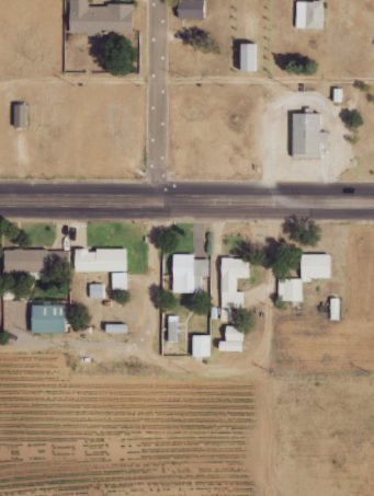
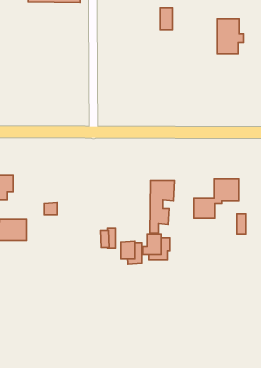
building: [293,113,326,157] -> [217,19,244,54]
building: [75,249,127,290] -> none
building: [172,253,209,296] -> none

